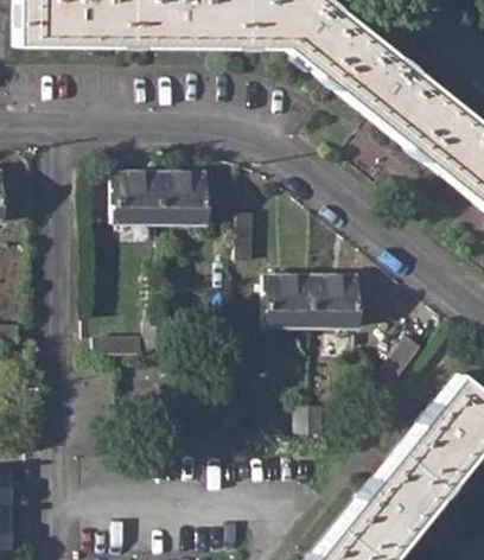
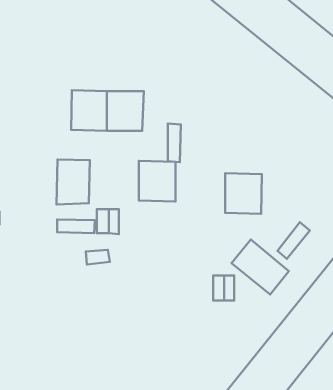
building: none -> [56,159,90,205]
building: [263,275,311,327] -> [139,161,176,201]
building: none -> [232,239,289,294]

